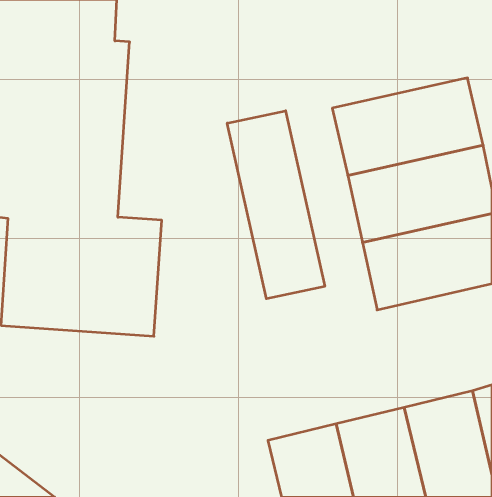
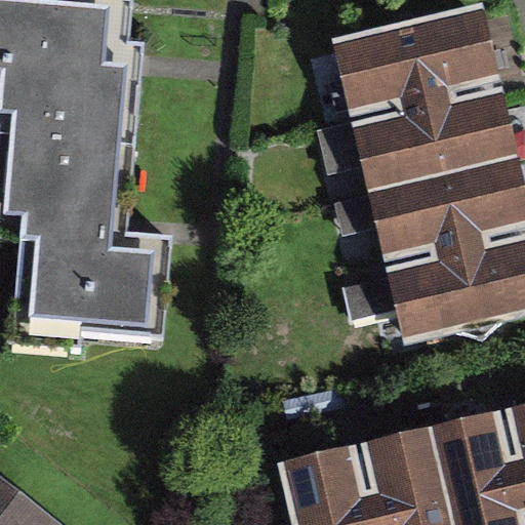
building: none -> [334,11,492,114]
building: [227,111,325,299] -> none

